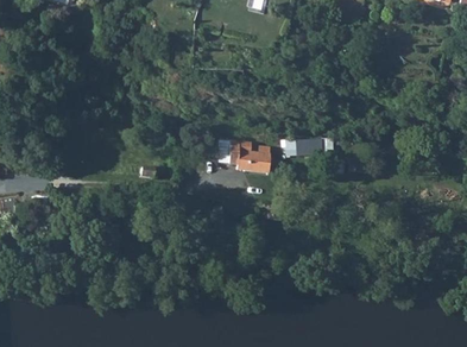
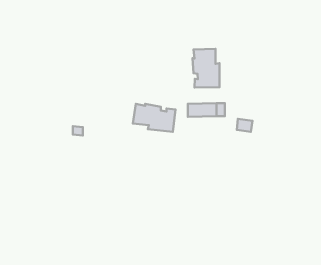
building: none -> [192,49,220,88]

